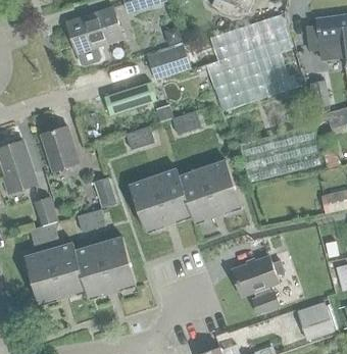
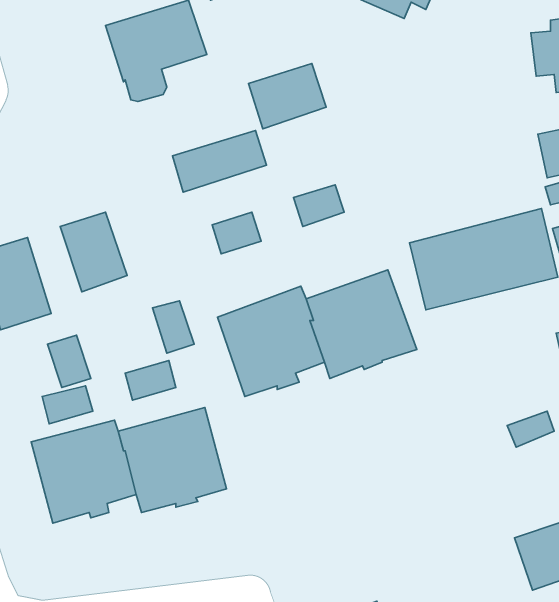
building: [189,13,305,106] -> none
building: [232,256,284,314] -> none

